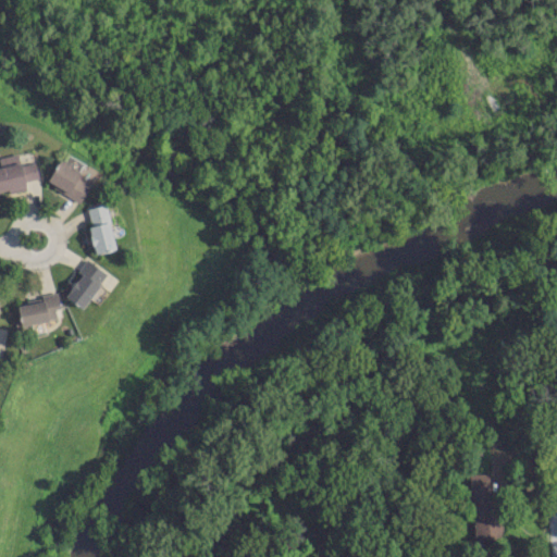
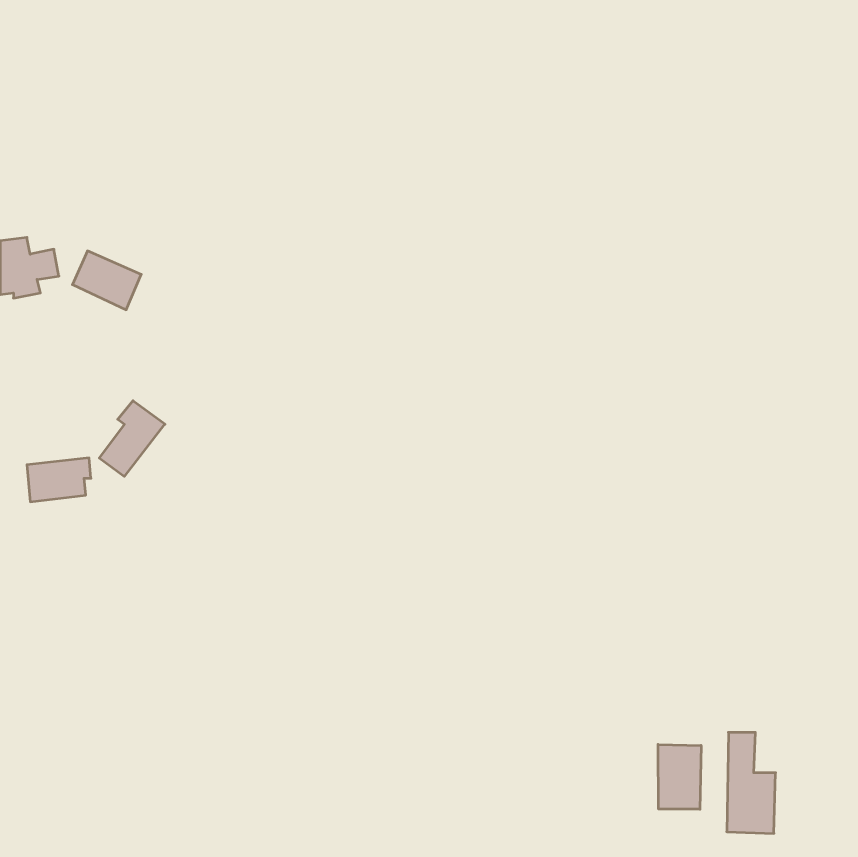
building: [87,207,115,256] -> none
building: none -> [658,744,701,809]

